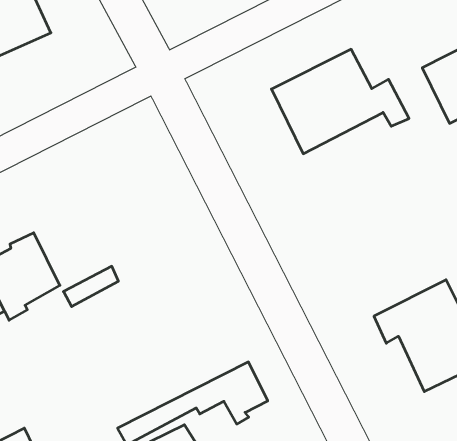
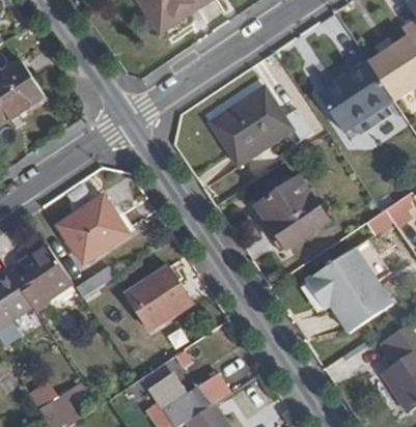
building: none -> [58,195,124,260]
building: none -> [257,177,328,250]
building: none -> [124,265,190,330]

